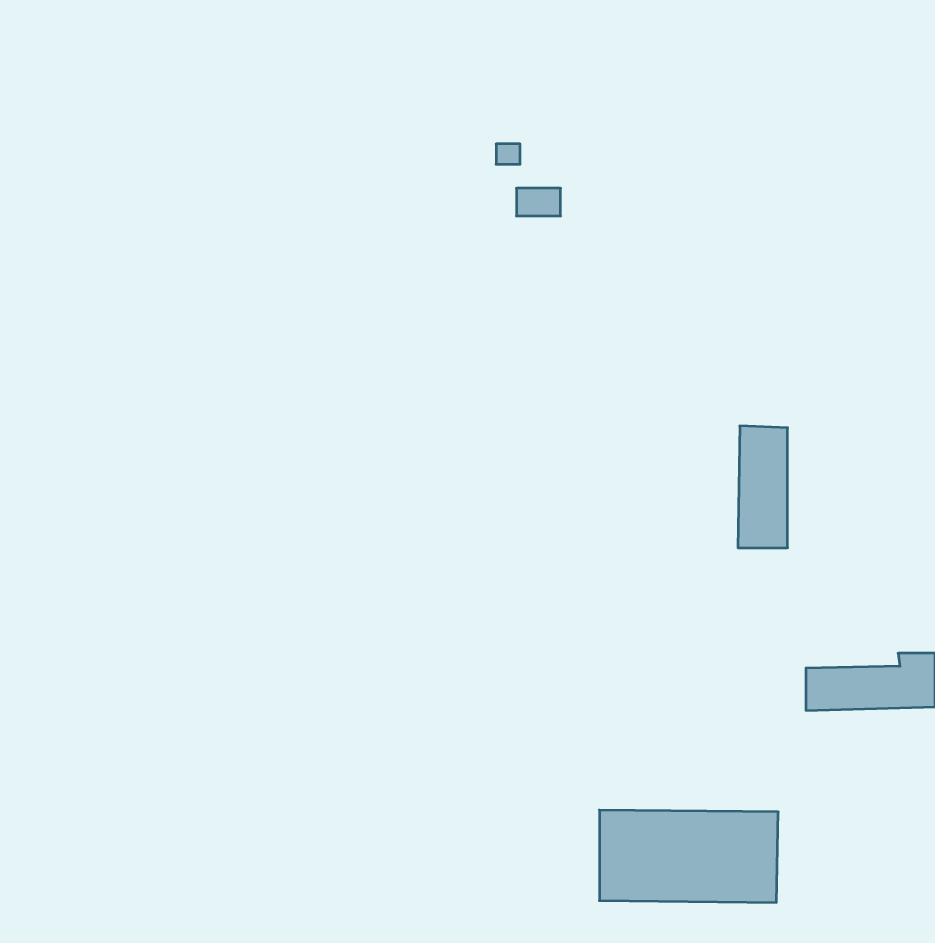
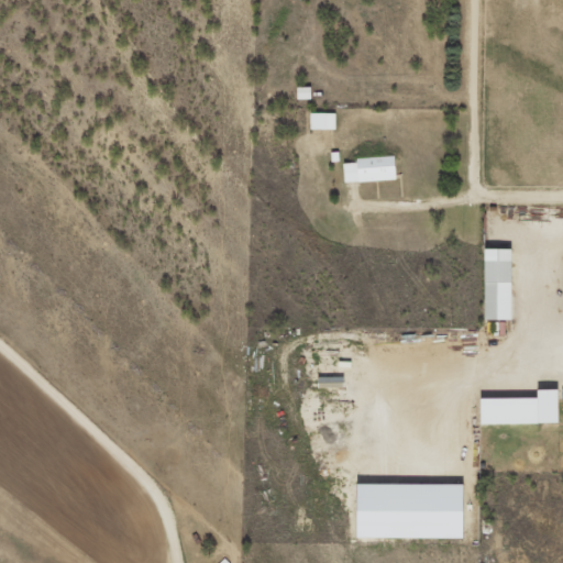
building: none -> [342,156,395,181]
building: [738,426,788,548] -> [482,247,511,320]

